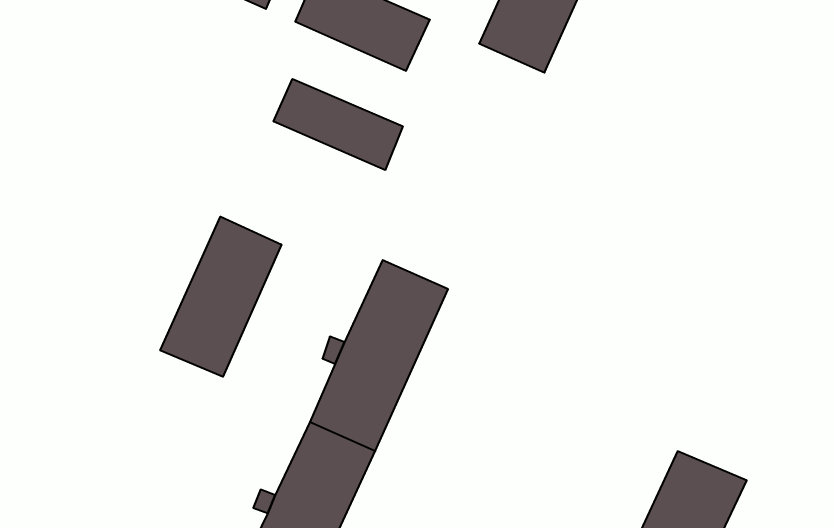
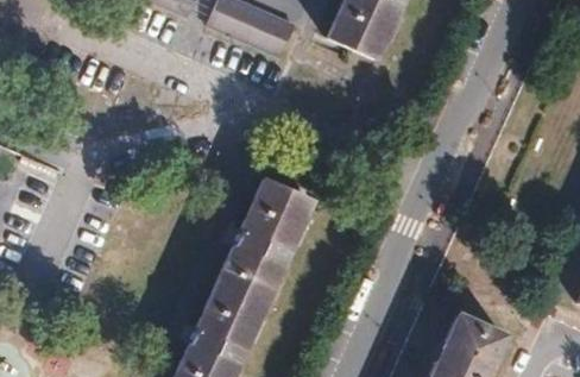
building: [274,79,403,170] -> none
building: [160,217,281,377] -> none

